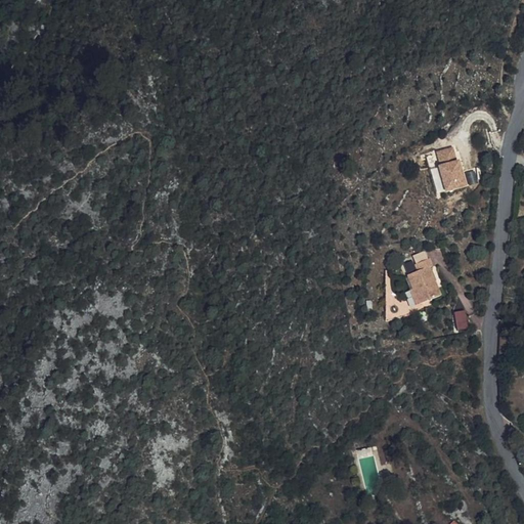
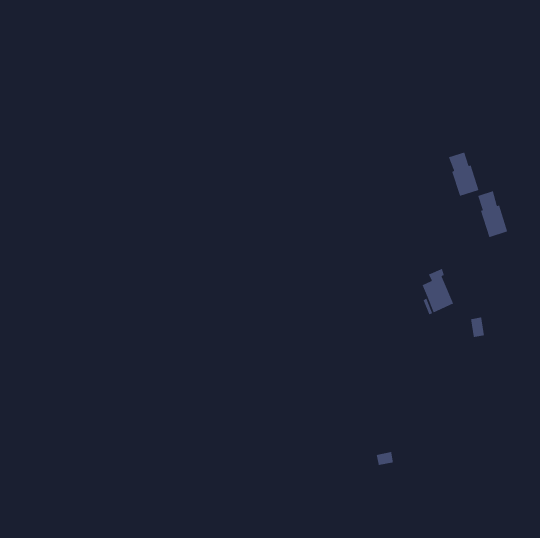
building: none -> [477,190,508,238]

